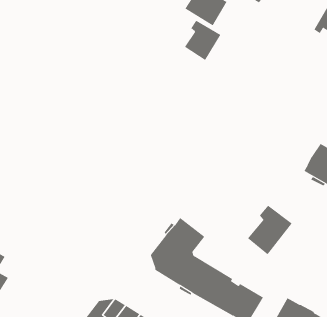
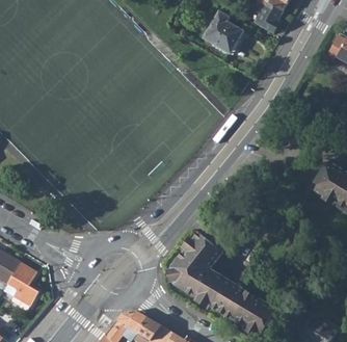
building: [184,20,221,61] -> none
building: [247,205,293,255] -> none

